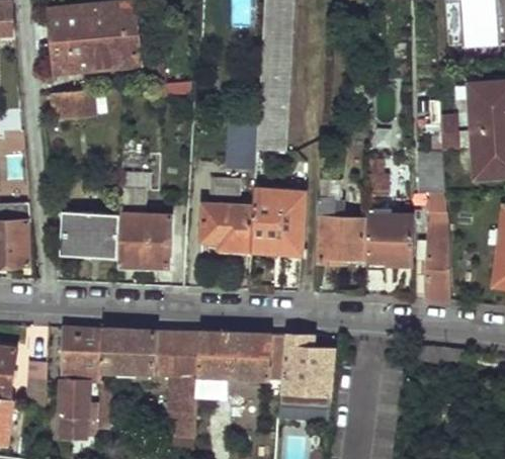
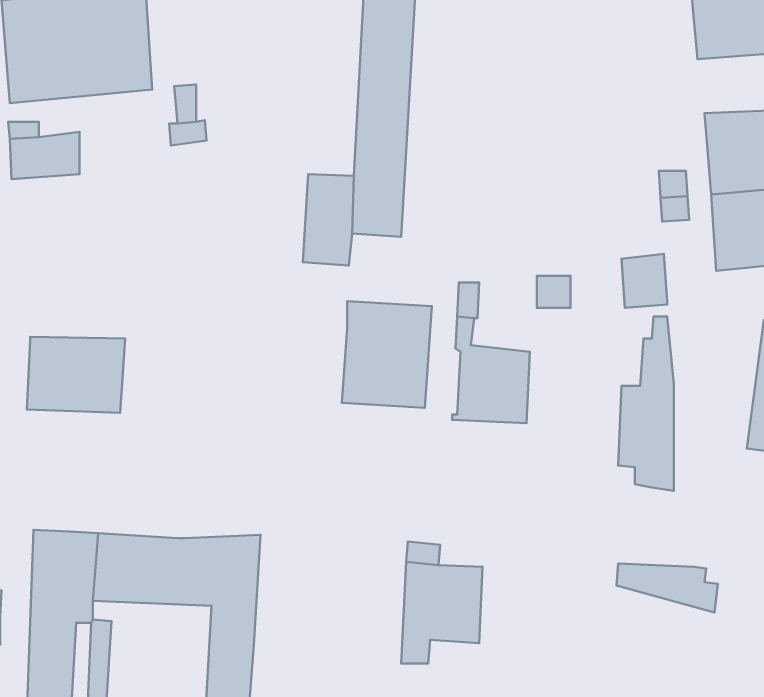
building: [117,158,170,266] -> none
building: [199,206,253,252] -> none
building: [365,211,410,273] -> none
building: [197,331,284,399] -> none

